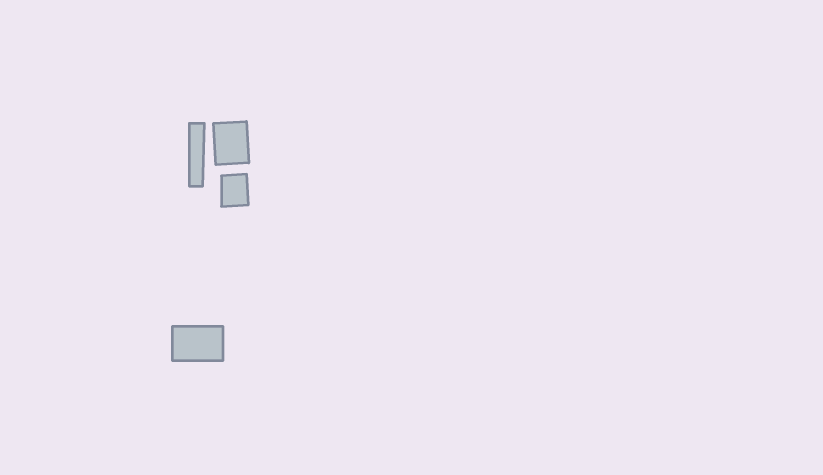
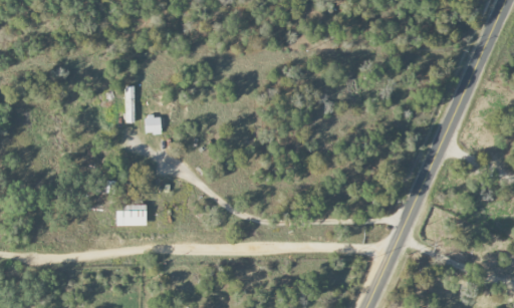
building: [214,121,249,165] -> none

